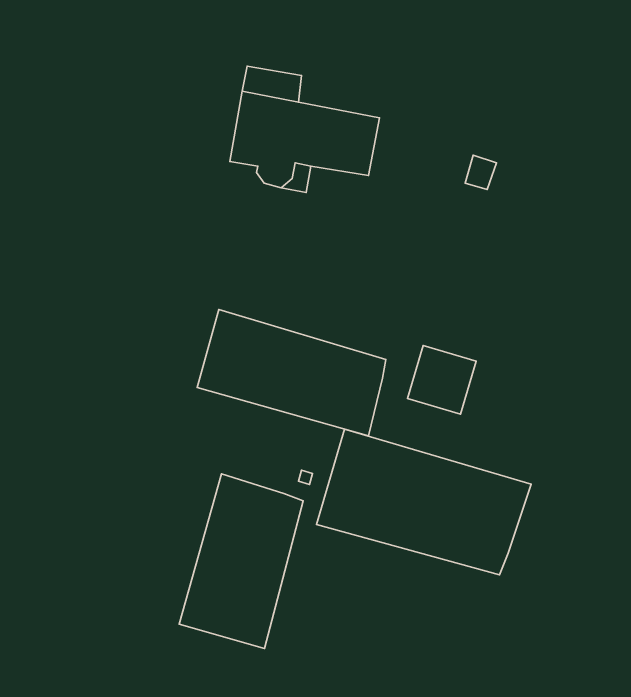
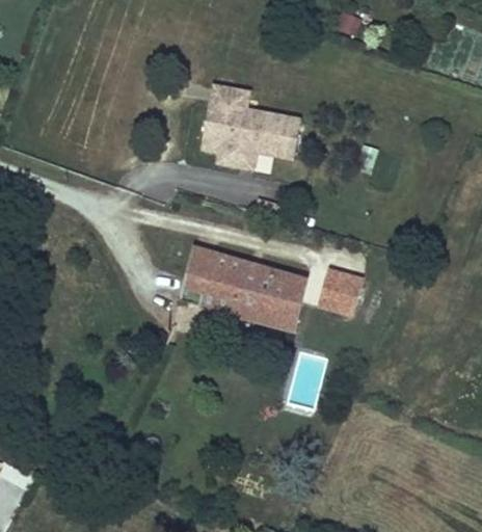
building: [316,429,531,575] -> none
building: [179,474,303,649] -> none

